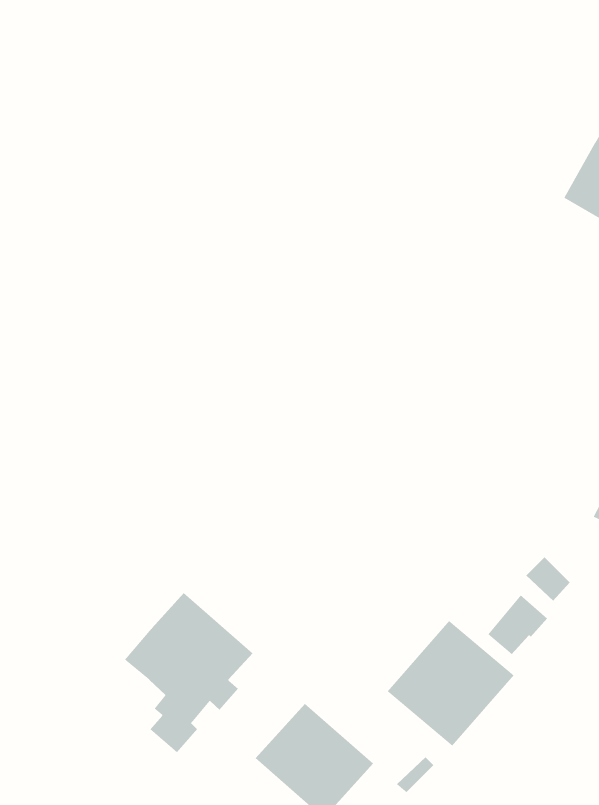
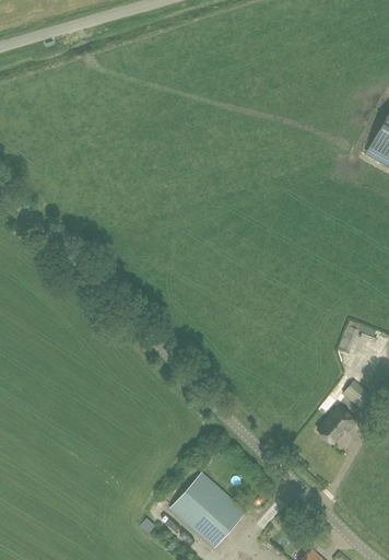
building: [124,592,254,753] -> none
building: [387,620,514,747] -> none

